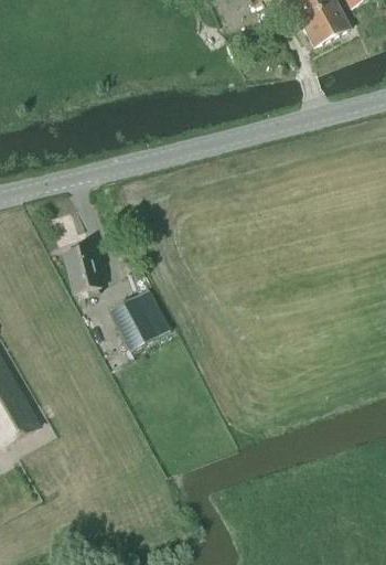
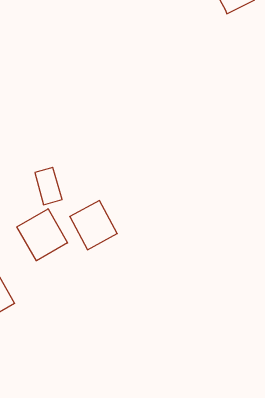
building: none -> [17,209,68,261]

